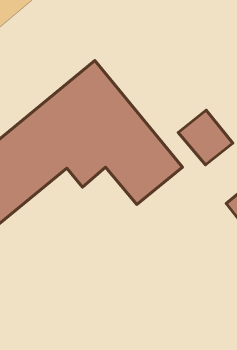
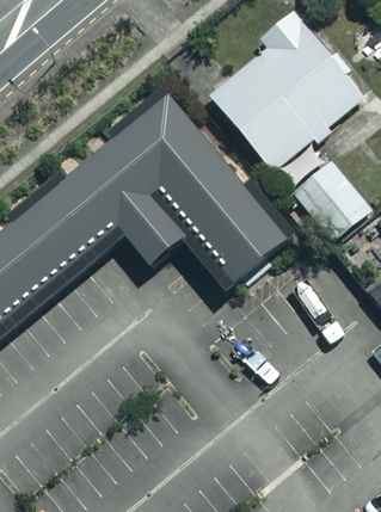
building: none -> [208,10,364,172]

